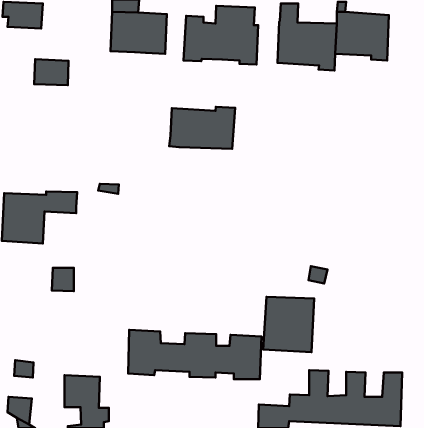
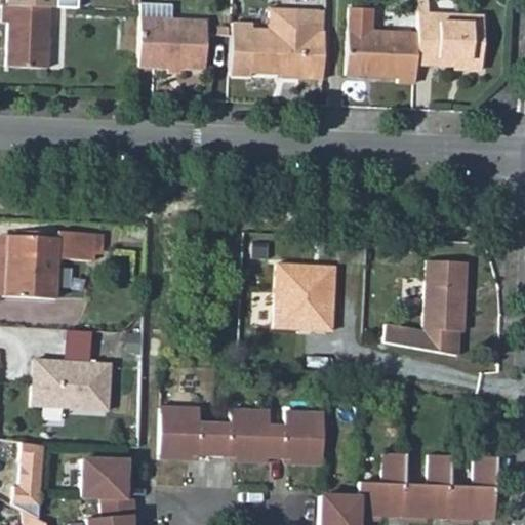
building: [34,59,69,85] -> [13,33,55,65]
building: [169,107,235,149] -> none
building: none -> [421,260,466,357]
building: none -> [35,358,114,409]
building: [263,297,314,352] -> [273,264,335,331]

